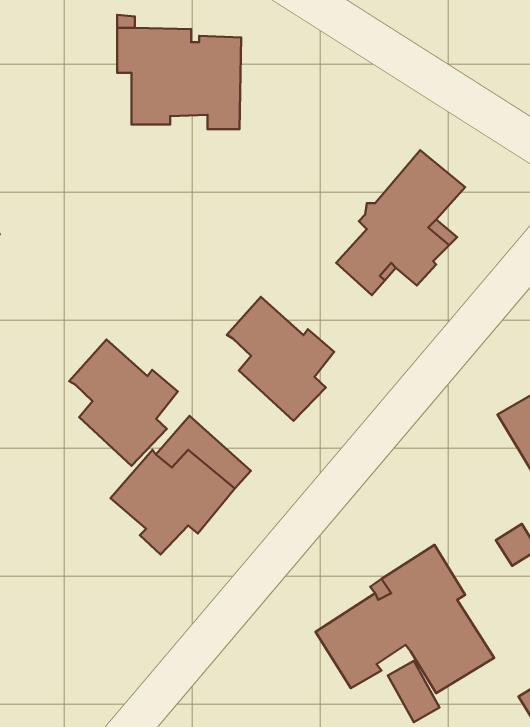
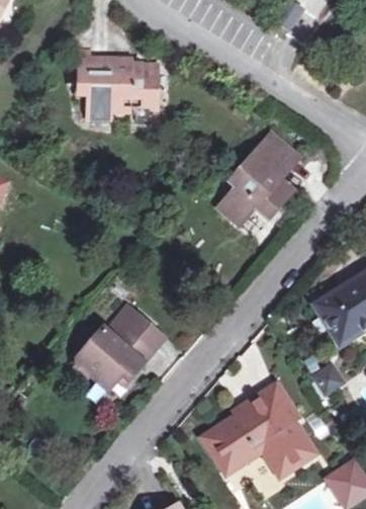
building: [227,297,334,421] -> none
building: [69,339,178,466] -> none

